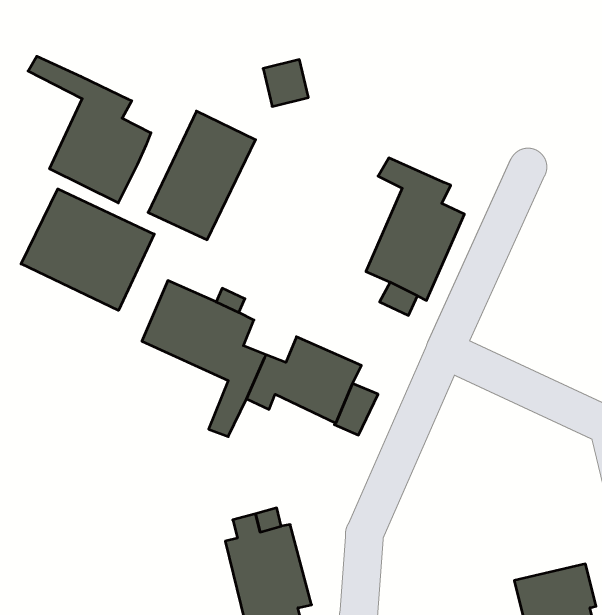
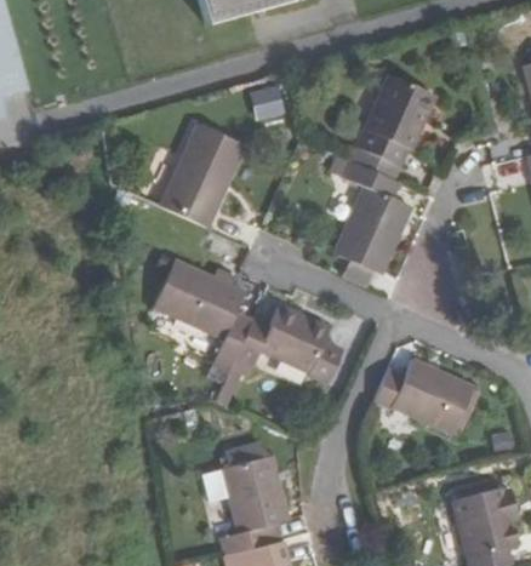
building: none -> [350,74,435,181]
building: [28,56,151,203] -> none
building: [21,189,154,310] -> none
building: none -> [372,360,472,434]

